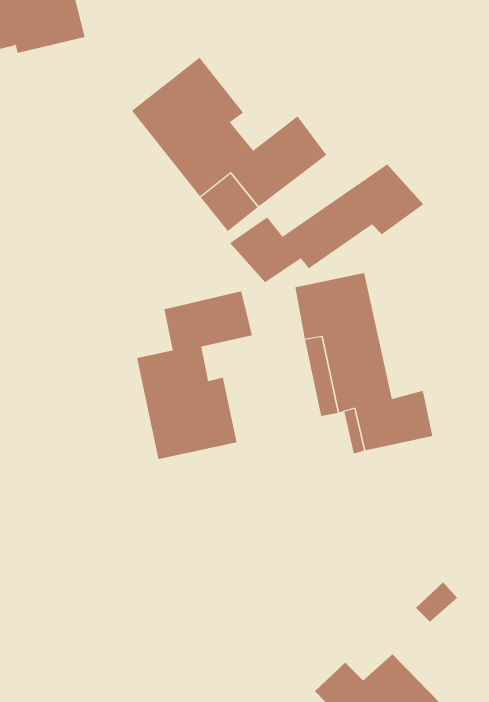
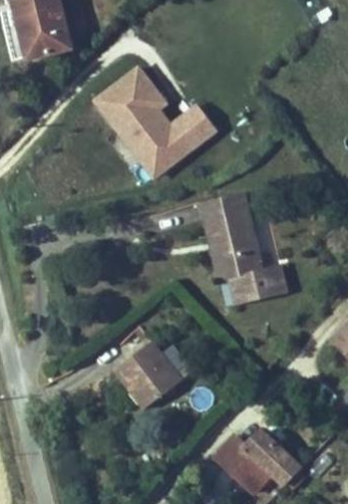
building: [229,163,424,283] -> none
building: [137,291,252,460] -> none
building: none -> [112,339,181,408]

